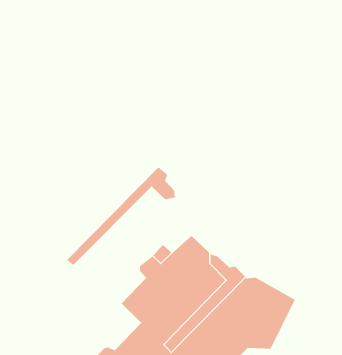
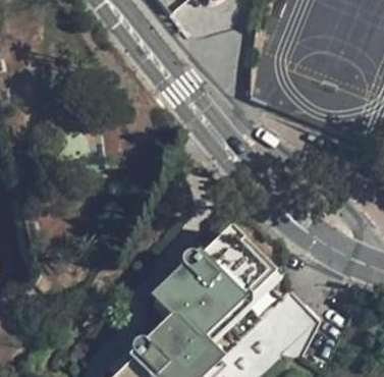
building: [66,166,177,266] -> none

